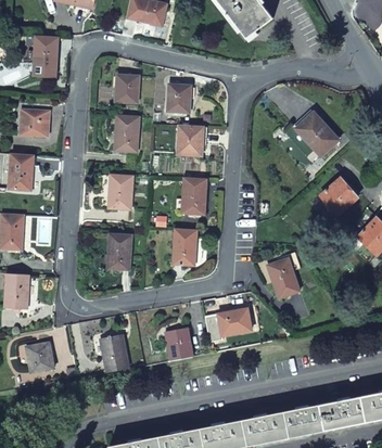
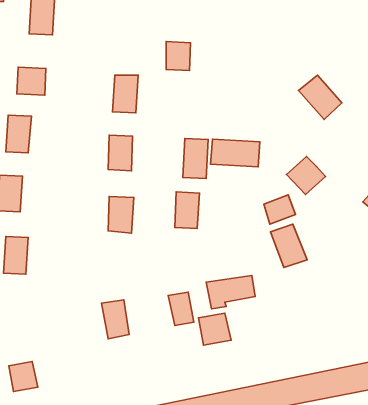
building: [114,73,138,101] -> none
building: [176,124,202,154] -> none
building: none -> [211,139,260,167]
building: [319,179,357,216] -> [286,157,325,194]
building: none -> [264,195,295,224]
building: [27,343,55,372] -> [9,361,38,391]
building: none -> [198,313,231,345]

